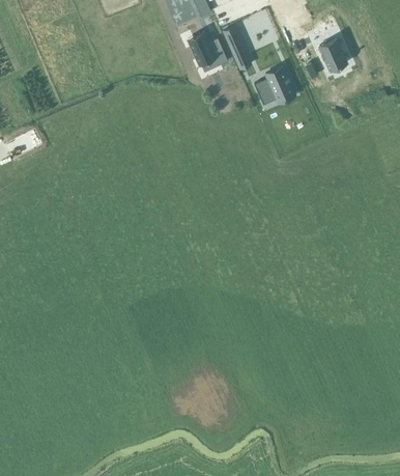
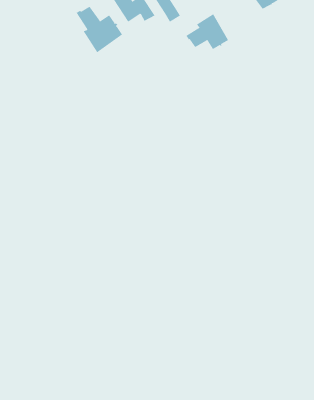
building: none -> [76,6,123,53]

